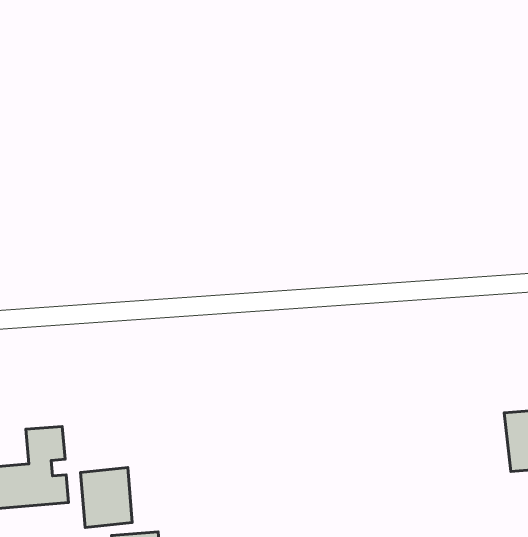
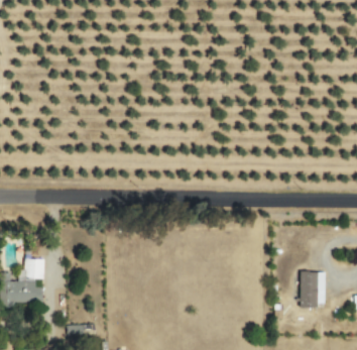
building: [81,467,132,527] -> none

